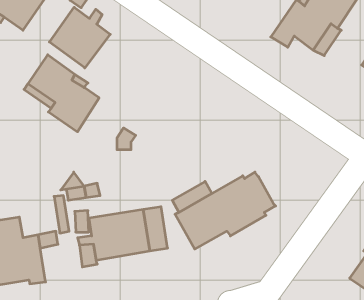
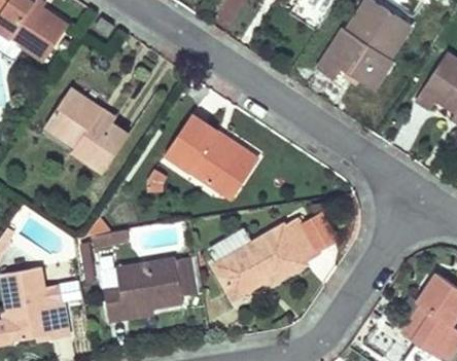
building: [49,7,110,68] -> none
building: none -> [164,113,258,200]
building: none -> [302,211,339,252]

